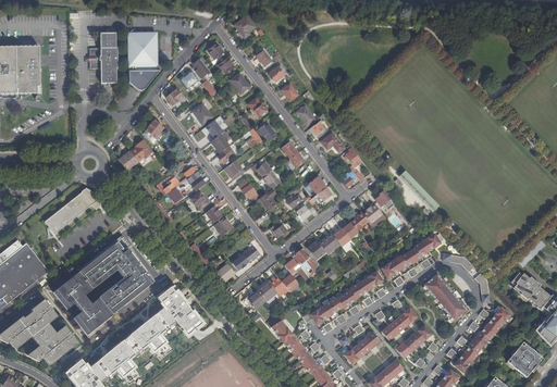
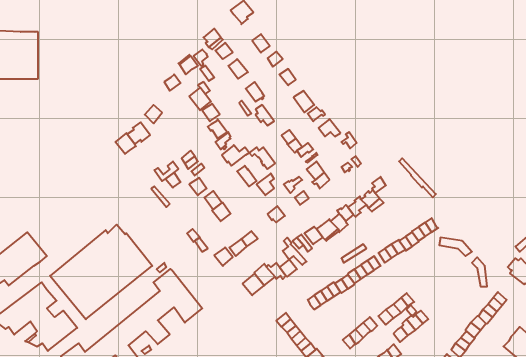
building: [128,32,160,90] -> none
building: [87,33,117,83] -> none
building: [45,189,101,234] -> none
building: [424,273,468,321] -> none

